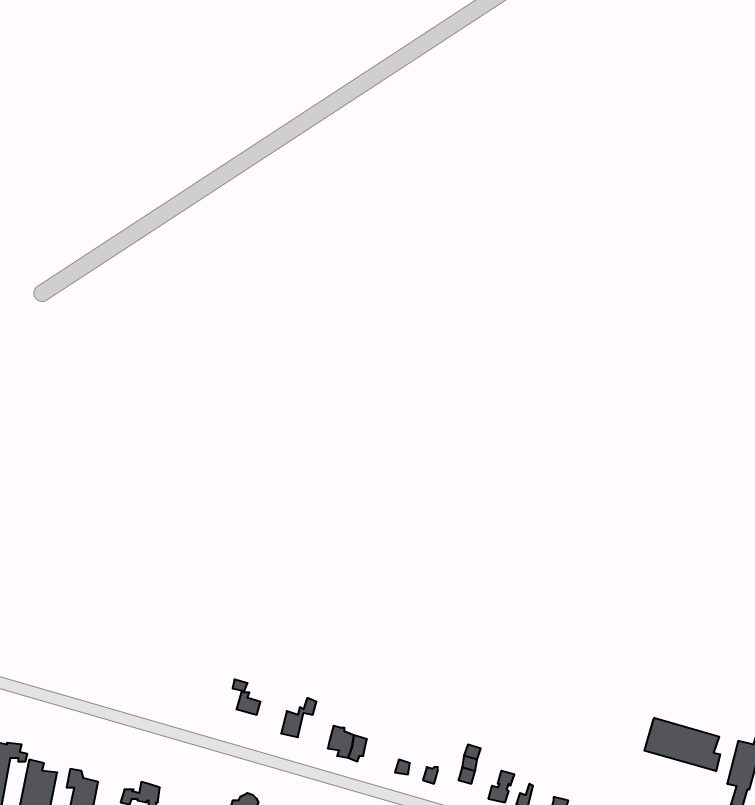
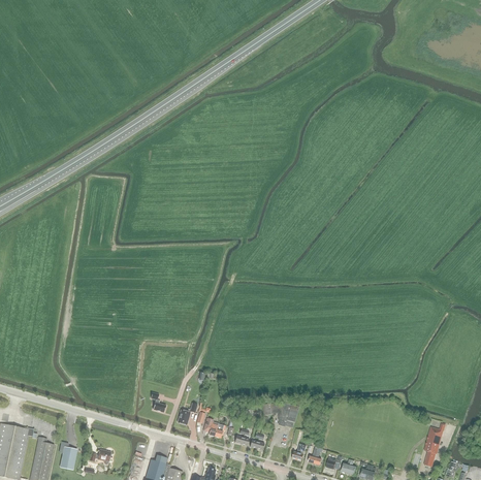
building: [644,718,720,771] -> none

